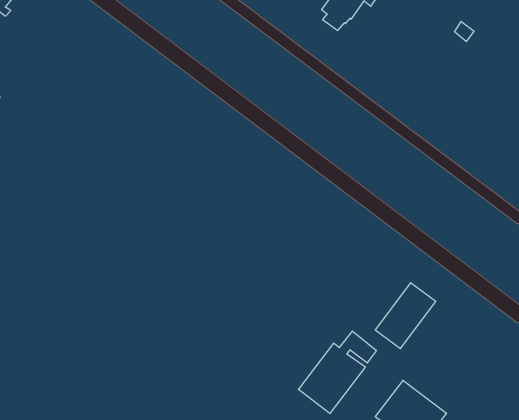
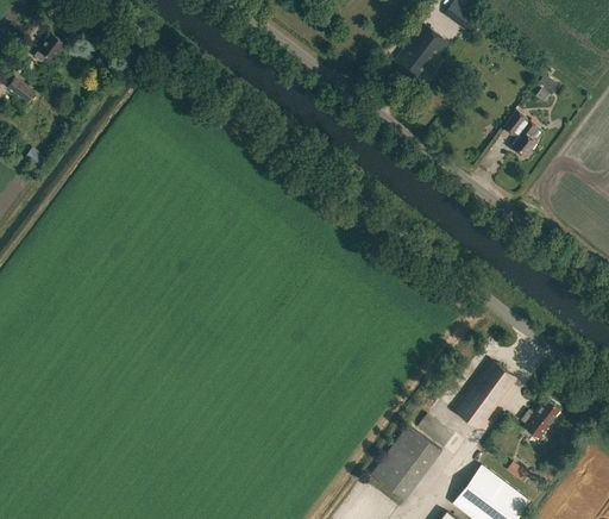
building: none -> [503,113,536,160]
building: none -> [521,401,559,442]

